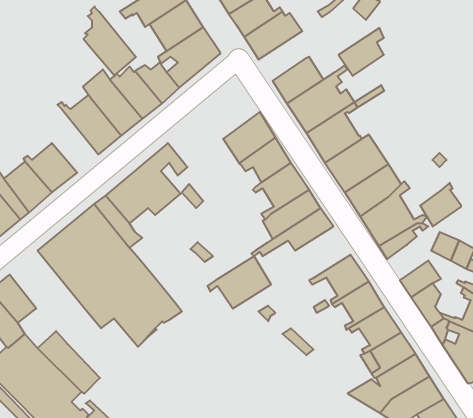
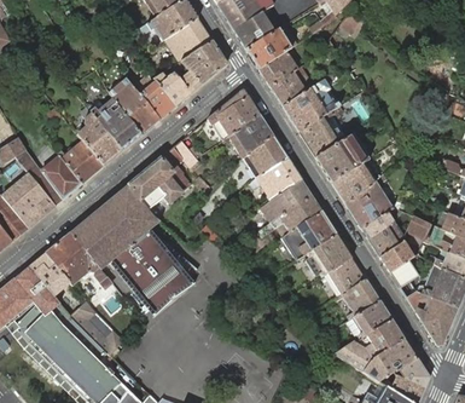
building: [84,6,136,76] -> [77,105,122,165]
building: [339,28,384,76] -> [258,45,297,86]
building: none -> [207,88,260,139]
building: [420,183,461,227] -> [368,219,403,257]
building: none -> [46,231,112,289]
building: [207,256,271,309] -> [283,211,337,255]

